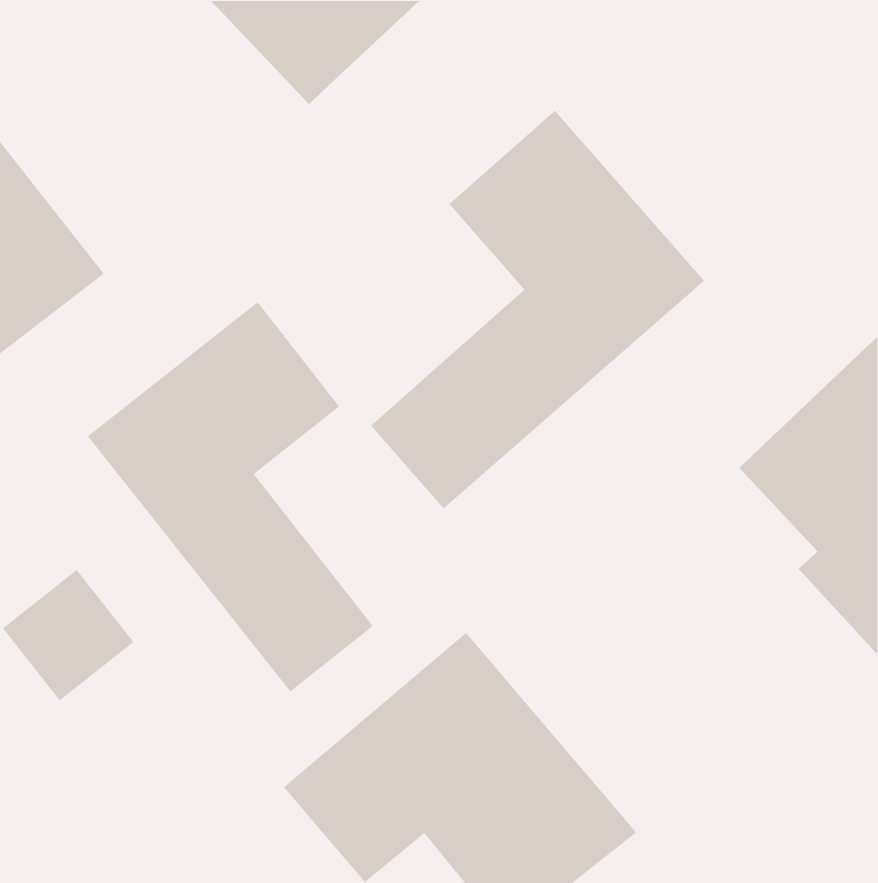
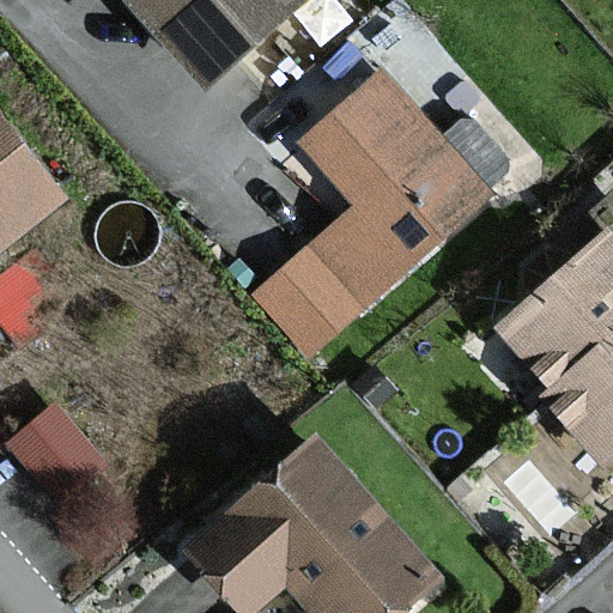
building: [87,301,374,692] -> none

